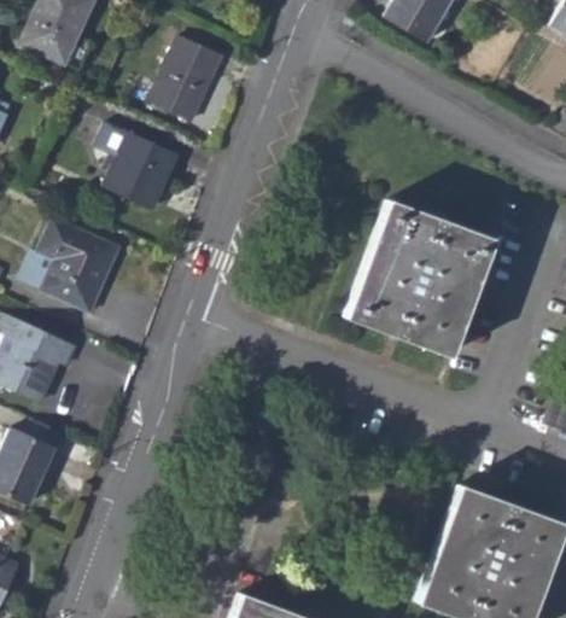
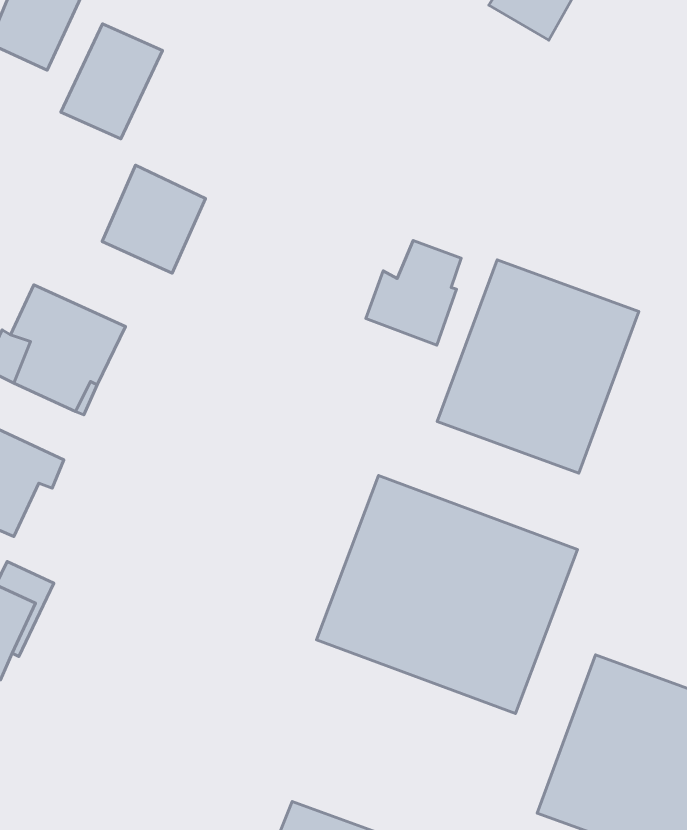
building: [148,37,222,121] -> [61,24,163,139]
building: none -> [366,240,461,345]
building: none -> [317,476,577,713]

